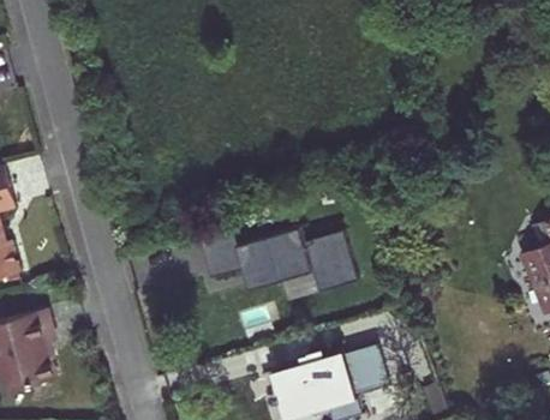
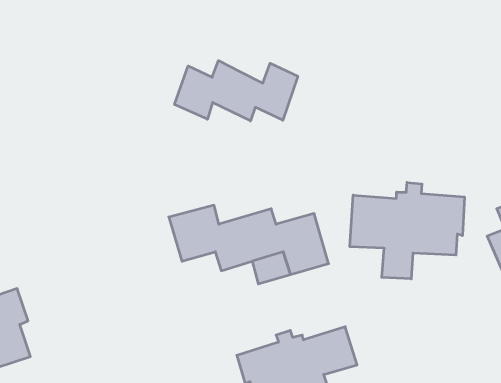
building: none -> [175,61,298,121]
building: none -> [350,182,464,279]

